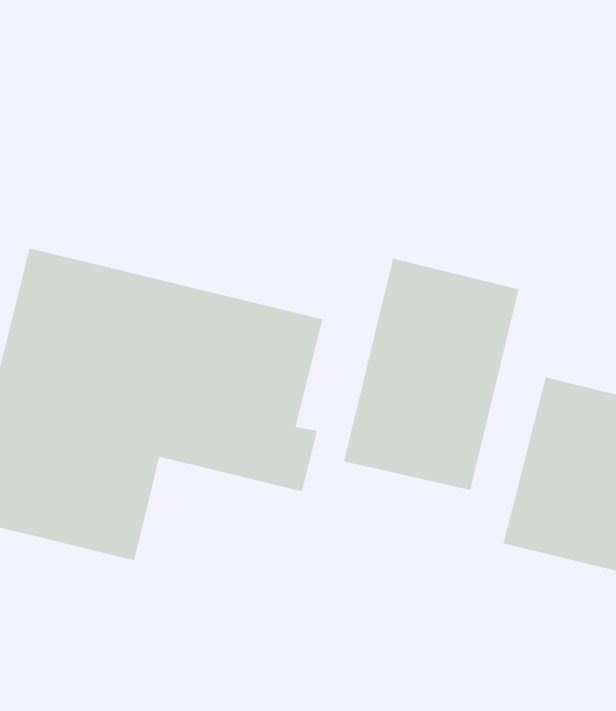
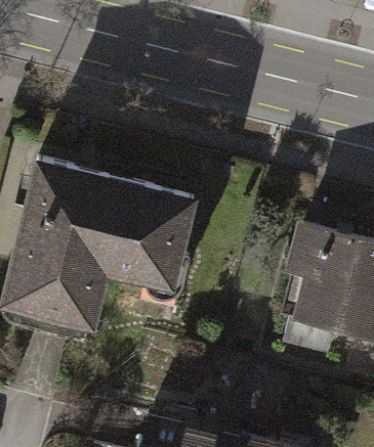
building: [343,258,519,491] -> none

